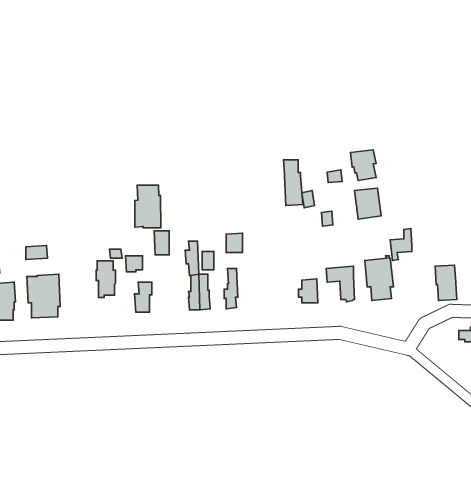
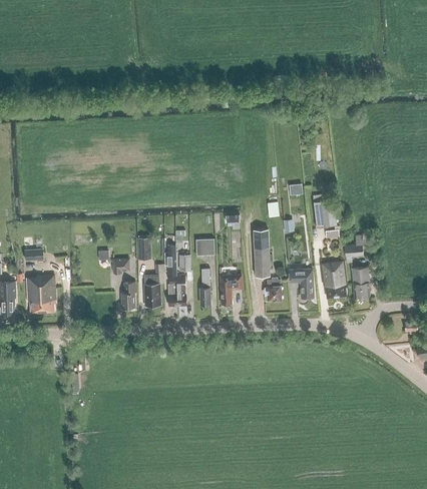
building: [351,150,376,180] -> none
building: [283,160,303,206] -> [253,235,270,276]
building: [135,185,161,228] -> none
building: [96,261,116,298] -> [143,274,160,306]
building: [435,265,457,301] -> [350,266,369,297]
building: none -> [221,274,243,304]

